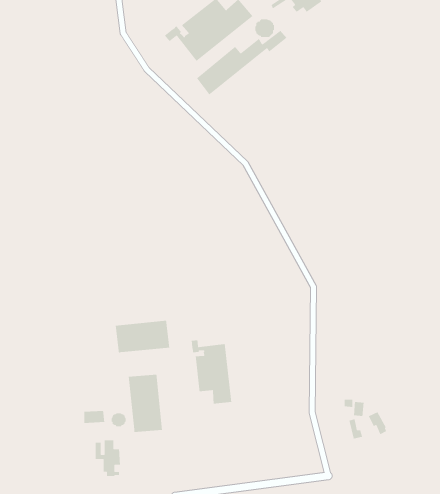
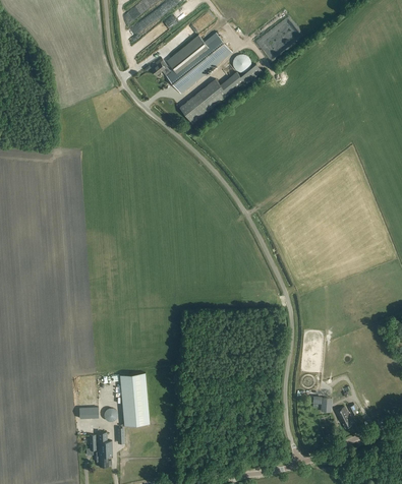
building: [115,320,170,353] -> none
building: [191,340,232,404] -> none

